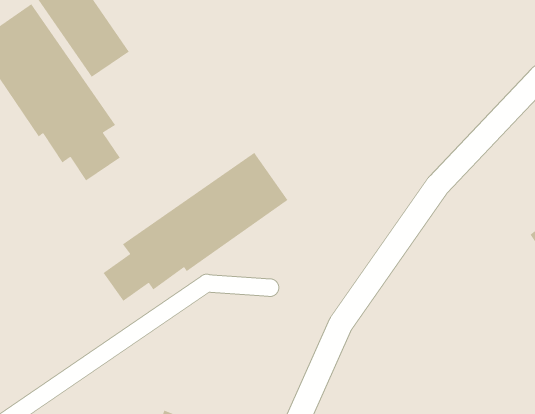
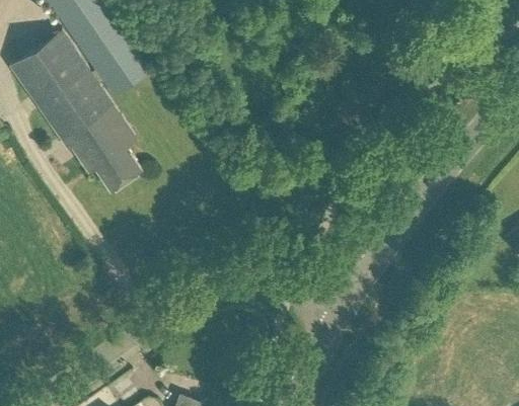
building: [103,152,288,302] -> none

